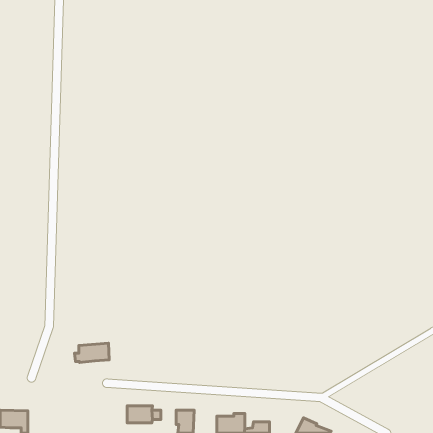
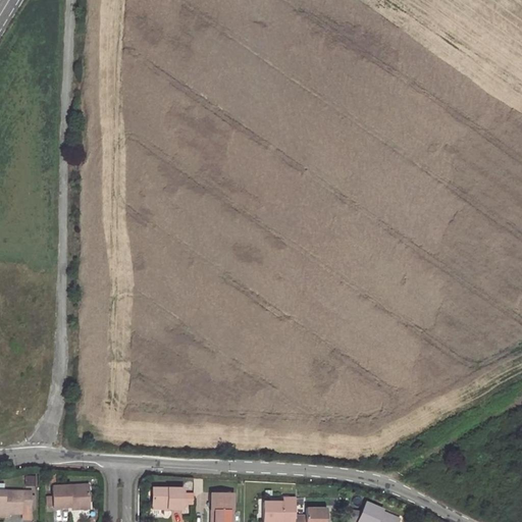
building: [75,343,109,363] -> [51,486,93,510]

